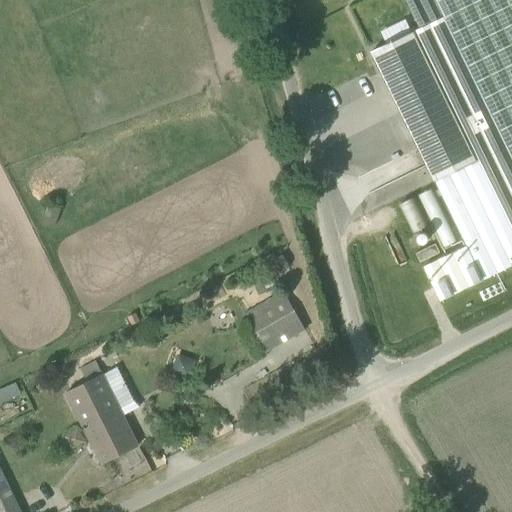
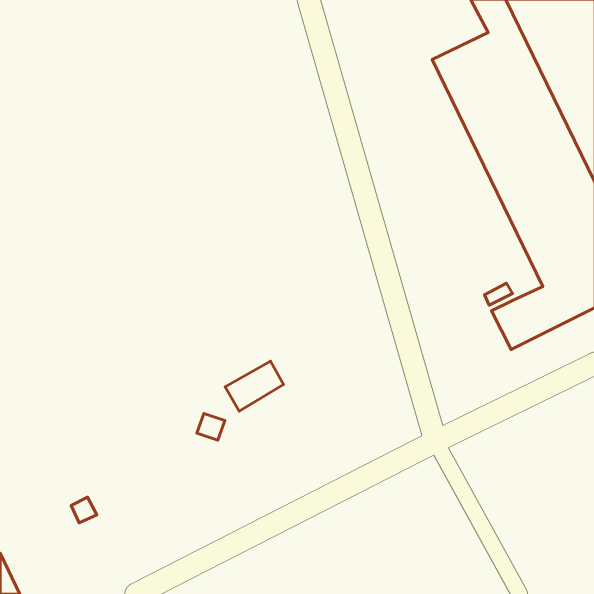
building: [248,297,298,340] -> [225,361,283,411]
building: [67,367,140,463] -> none

